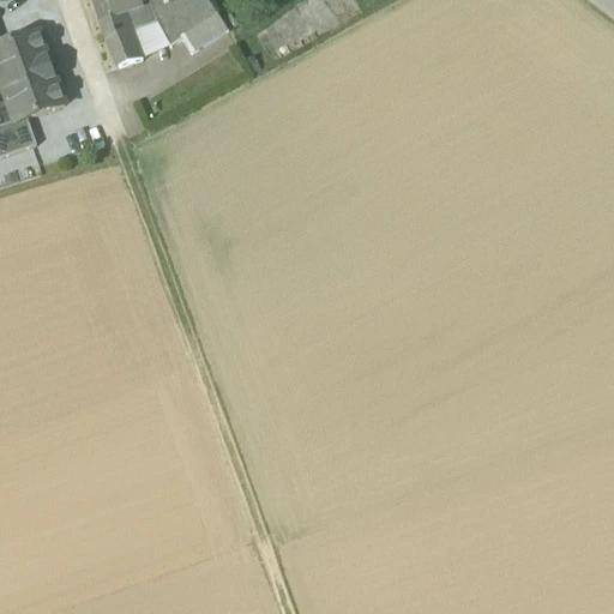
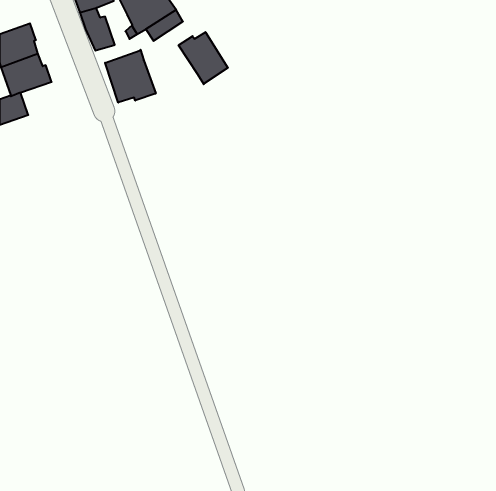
building: none -> [179,32,228,84]
building: none -> [105,50,156,103]

